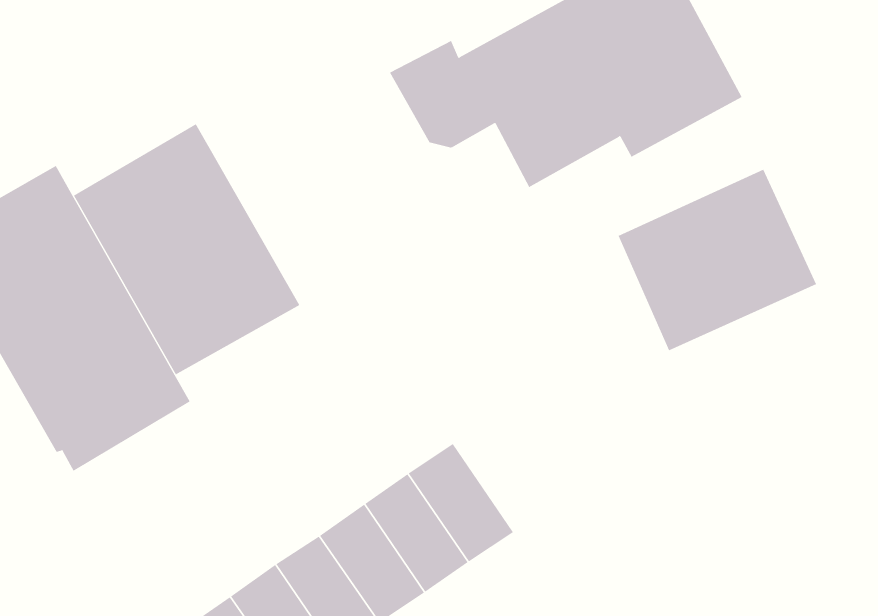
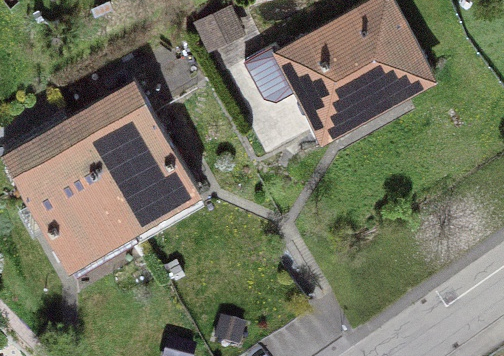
building: [618,169,817,351] -> none

